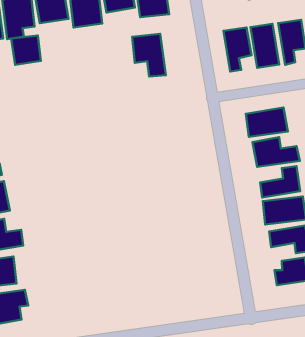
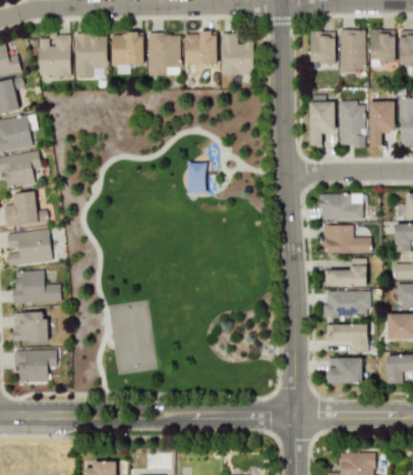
building: [132,34,166,76] -> none
building: [11,35,41,65] -> none
building: none -> [186,163,206,194]

